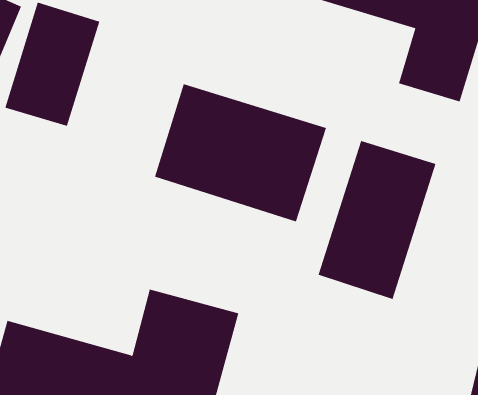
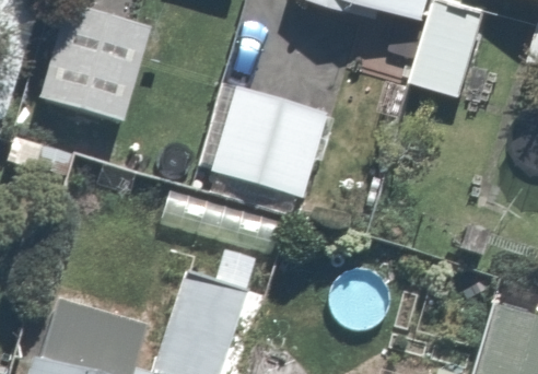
building: [318,140,436,300] -> none

